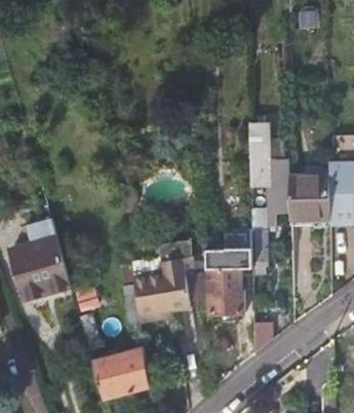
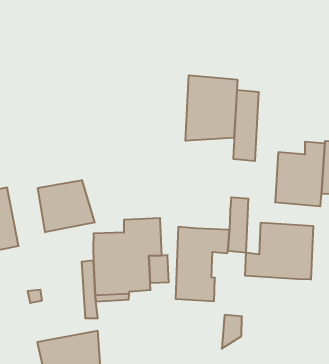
building: none -> [186,75,237,141]
building: none -> [38,180,95,232]
building: none -> [245,223,313,280]

